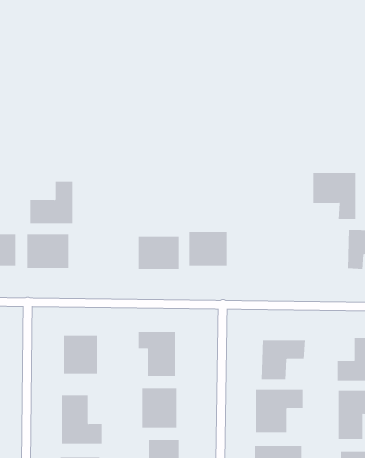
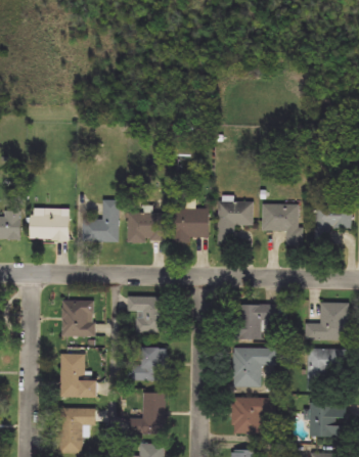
building: [312,172,356,220] -> [262,203,301,245]
building: [29,181,73,224] -> [80,203,119,241]
building: none -> [218,201,254,243]

